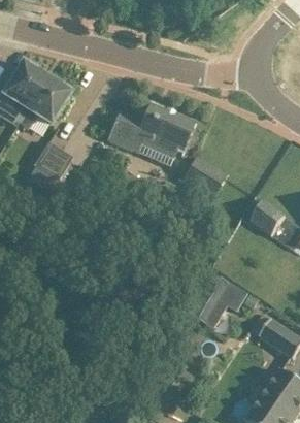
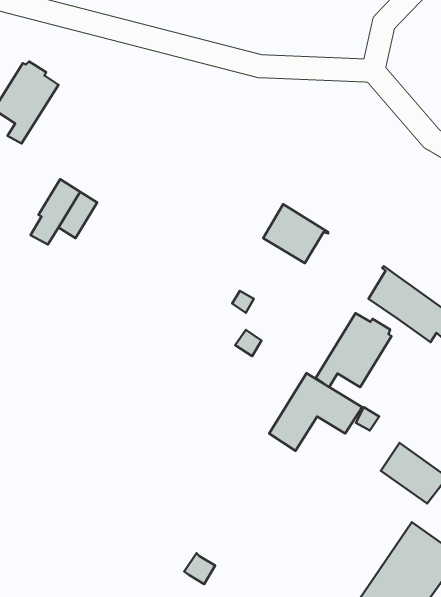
building: [16,78,68,129] -> none
building: [105,104,188,165] -> none
building: none -> [316,313,391,387]

